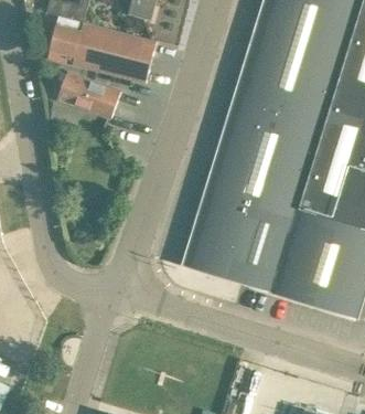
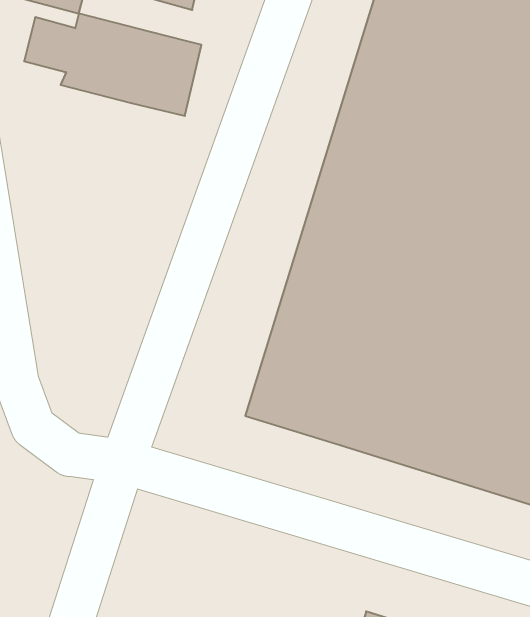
building: [57,72,121,118] -> none

